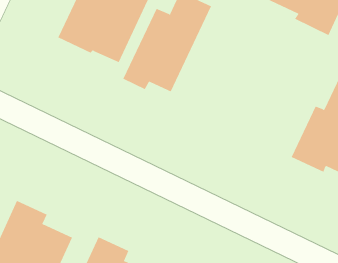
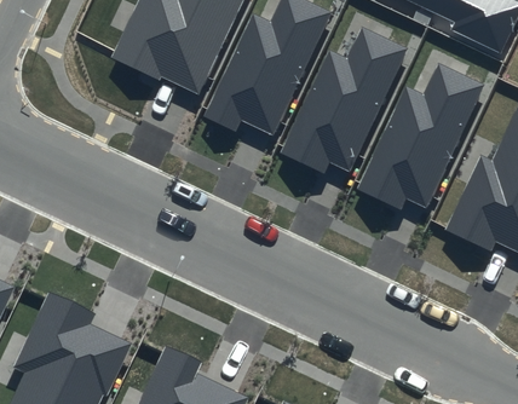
building: none -> [281,27,409,173]
building: none -> [356,63,485,209]

